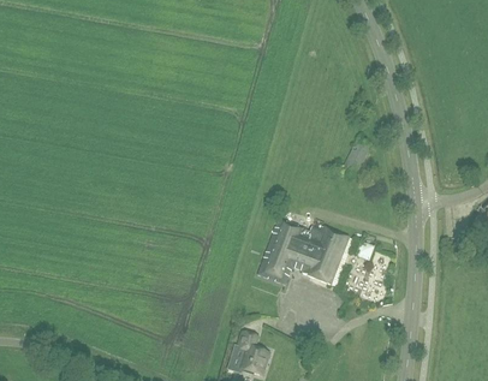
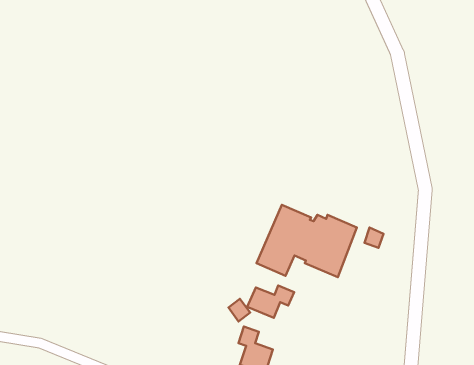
building: none -> [247,286,294,318]

